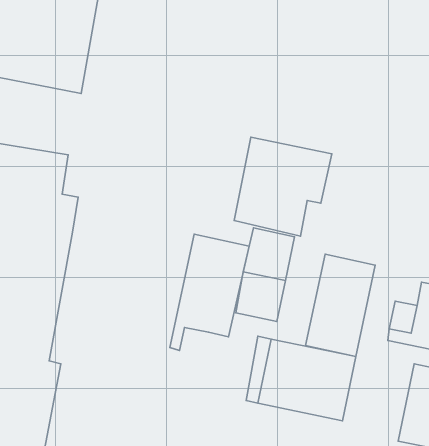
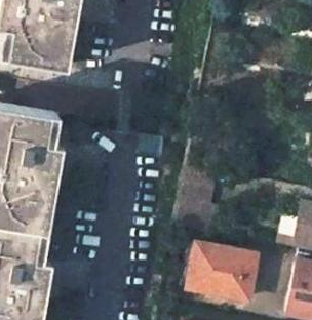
building: [234,137,332,236] -> none
building: [170,234,249,351] -> none
building: [306,254,375,357] -> none

